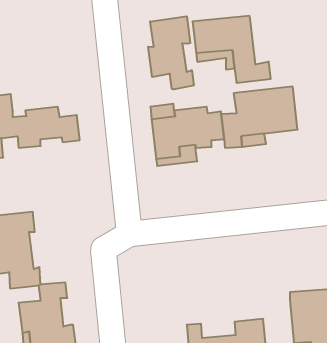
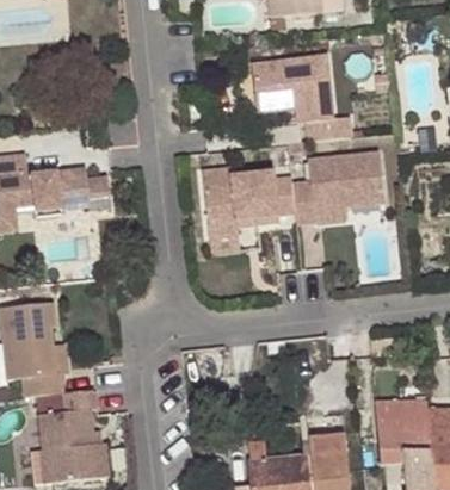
building: [148,16,194,89] -> none

